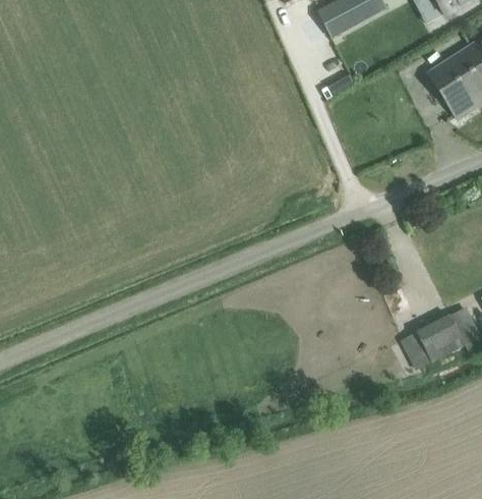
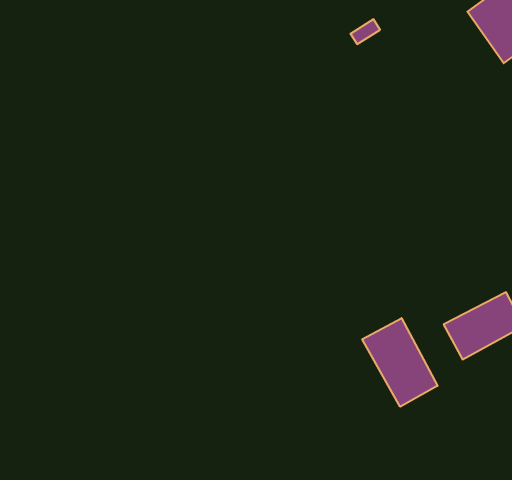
building: none -> [362,318,438,407]

